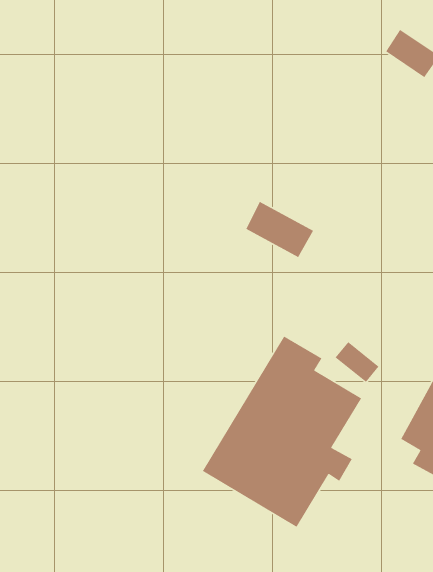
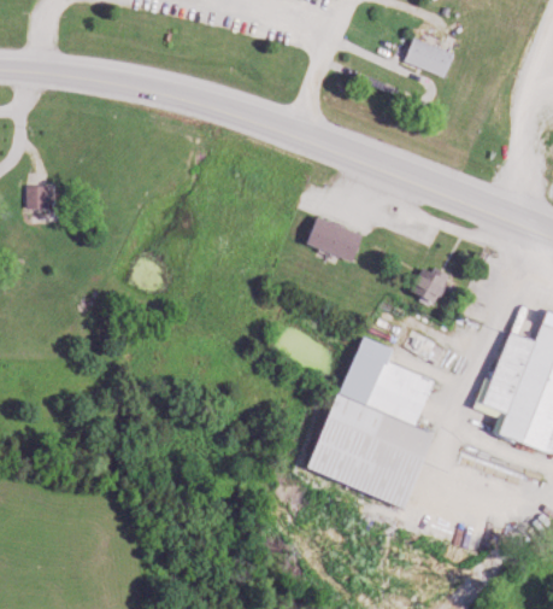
building: none -> [408,264,451,308]

